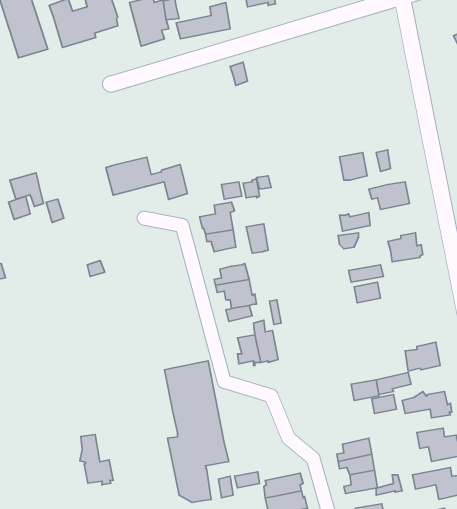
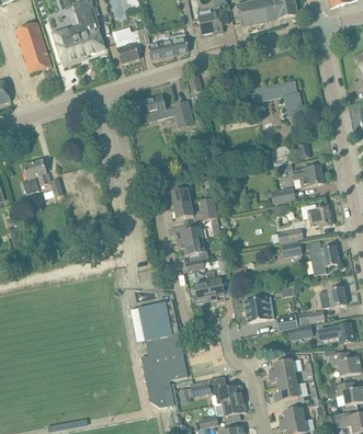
building: none -> [251,80,304,117]
building: [106,157,188,199] -> [132,95,193,127]
building: none -> [311,245,339,274]
building: none -> [245,296,274,322]
building: [80,435,113,485] -> none

